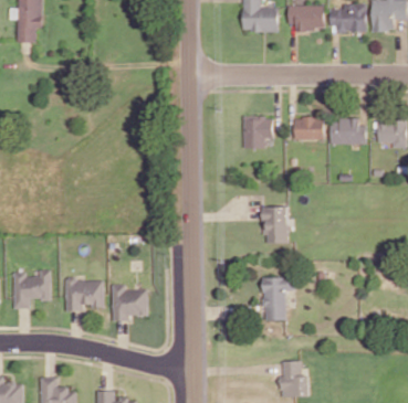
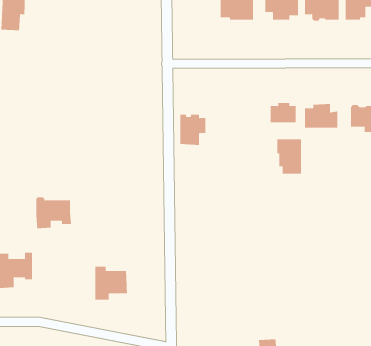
building: [243,116,271,148] -> [180,114,206,145]
building: [261,205,287,242] -> [276,139,302,174]
building: [261,276,294,320] -> none
building: [65,277,103,310] -> [35,197,72,229]

